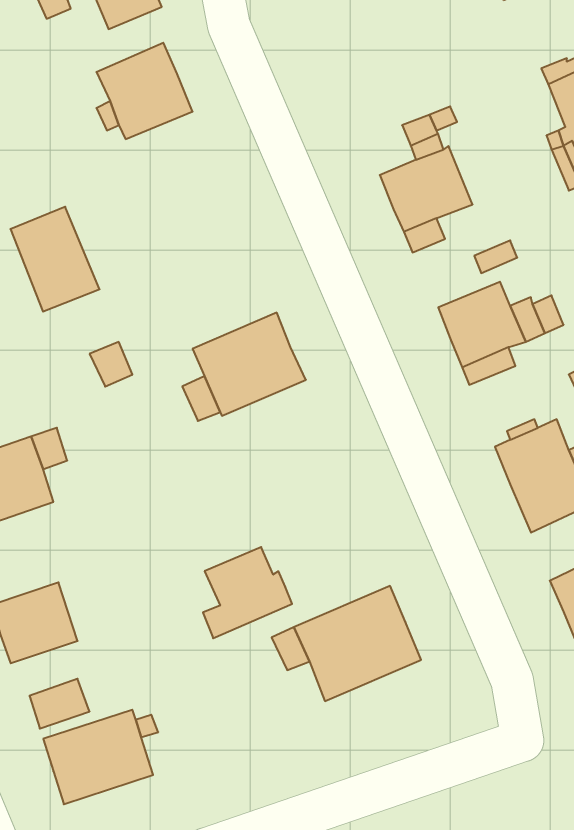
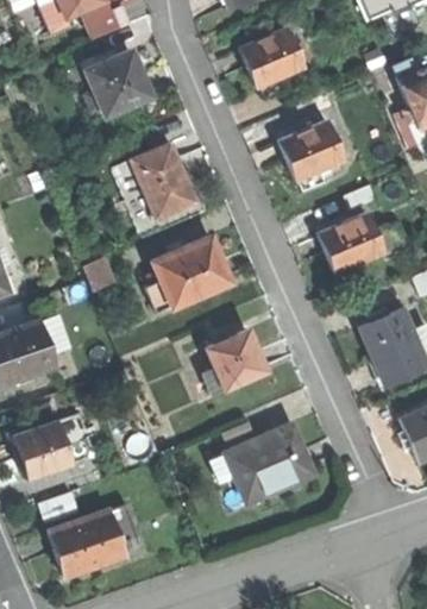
building: none -> [243,27,307,88]
building: [10,207,100,312] -> [134,144,196,216]
building: [203,547,292,638] -> [206,331,268,394]

